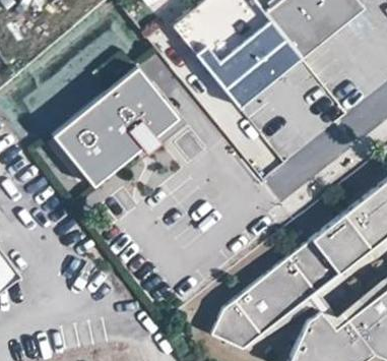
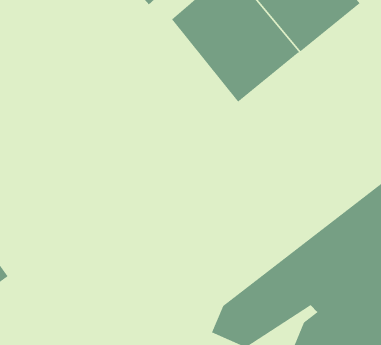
building: [49,65,178,187] -> none

